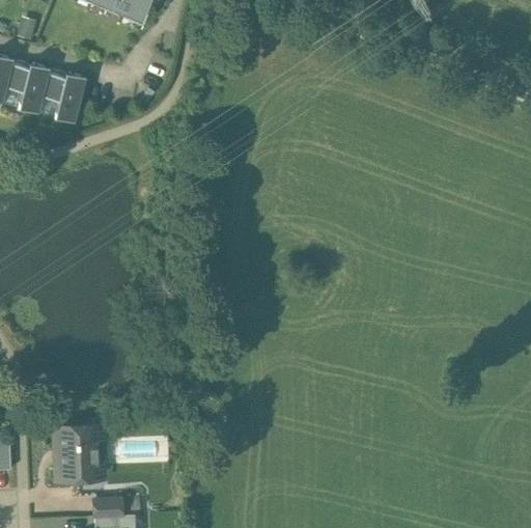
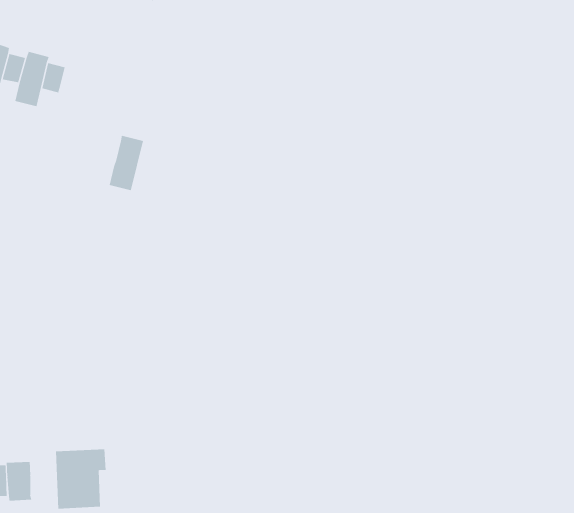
building: [53,73,85,123] -> [109,135,144,191]
building: none -> [6,461,32,502]

